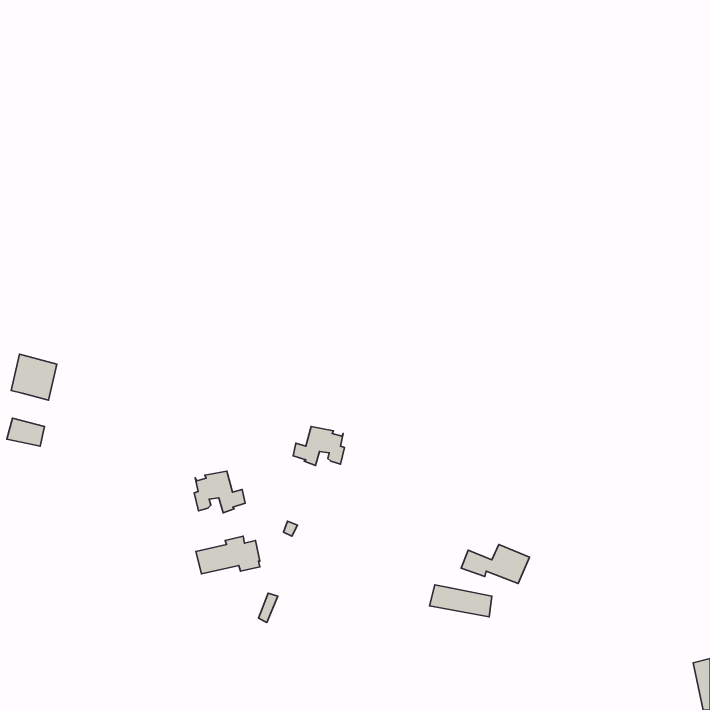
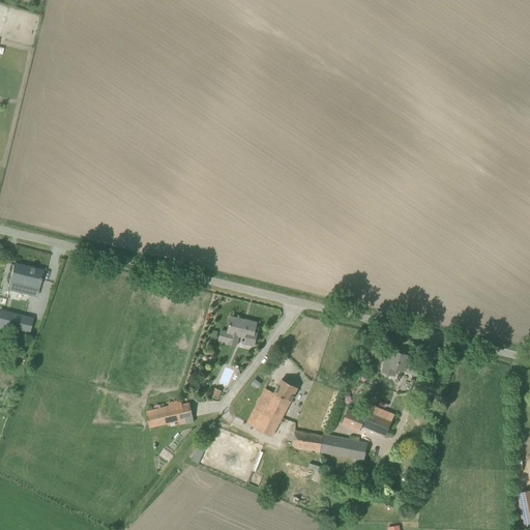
building: [194,471,245,513] -> none
building: none -> [382,352,417,375]
building: none -> [245,380,297,437]
building: none -> [292,428,324,451]

